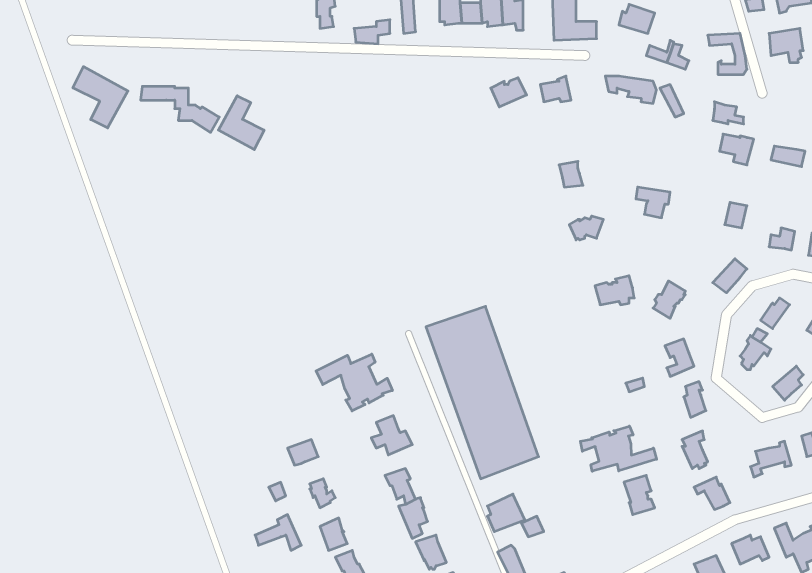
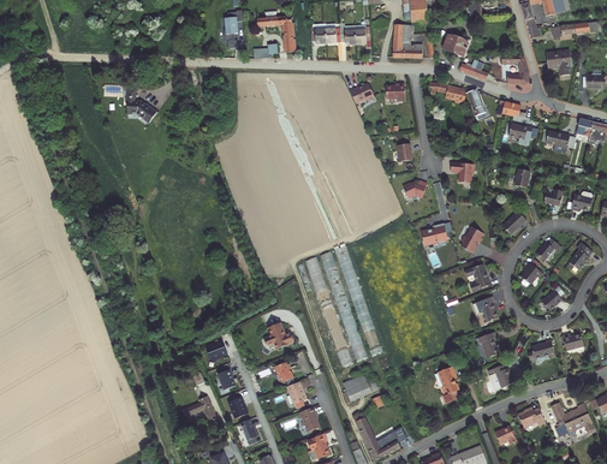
building: [73,67,128,128] -> none
building: [218,96,264,150] -> none
building: [316,354,392,411] -> none
building: [580,426,657,471] -> none

